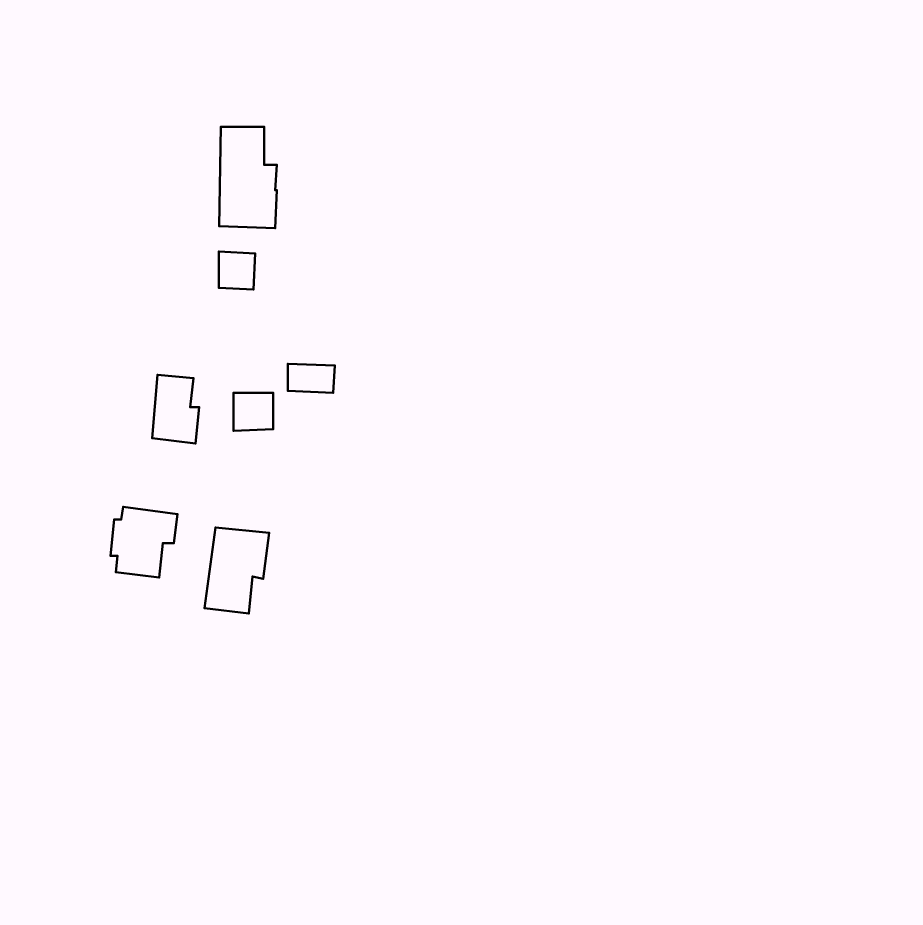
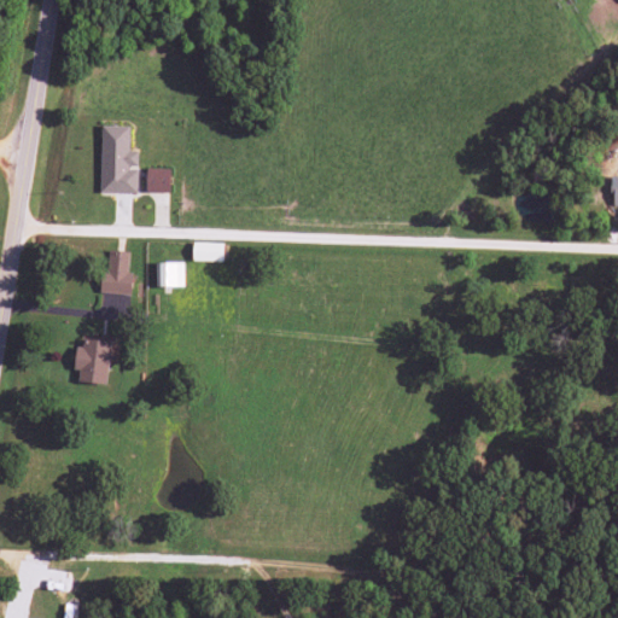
building: [219,127,277,228] -> [100,126,139,193]
building: [204,528,269,614] -> none

